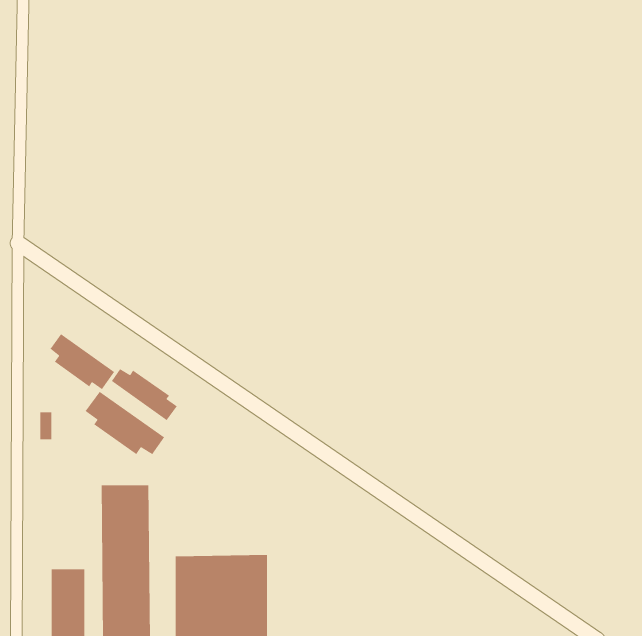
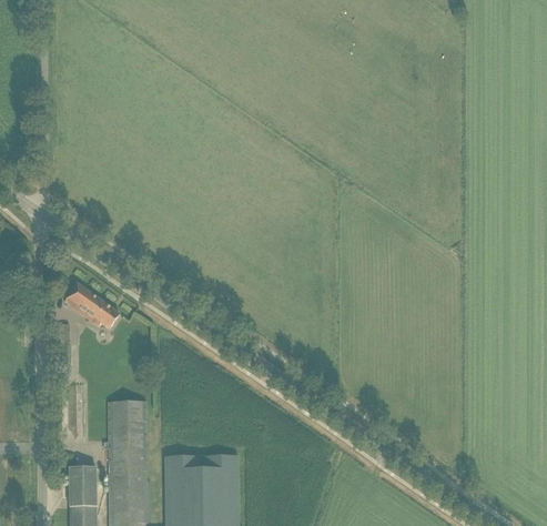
building: [111,368,178,421] -> none
building: [85,391,165,455] -> none

